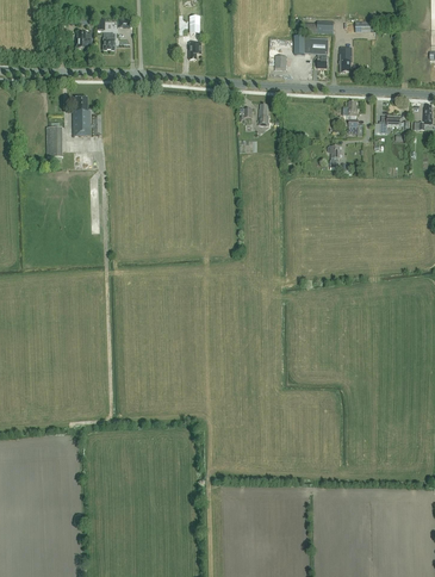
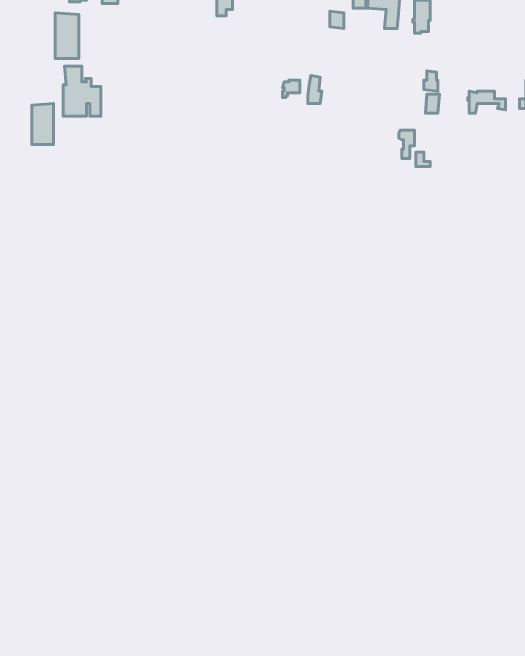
building: none -> [55,13,79,58]

